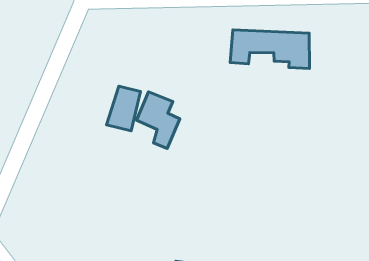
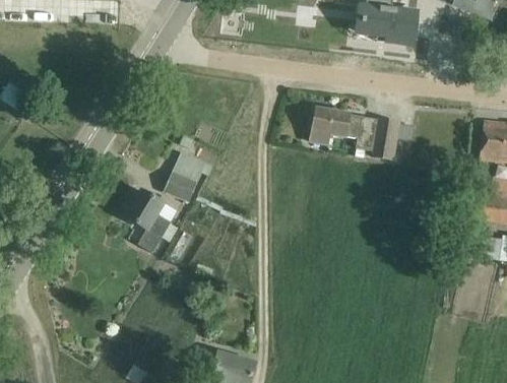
building: [137,92,180,148] -> [122,188,170,253]

